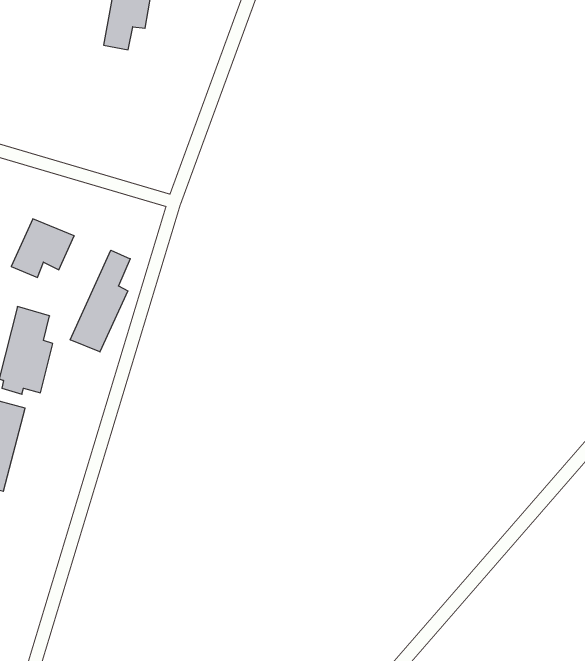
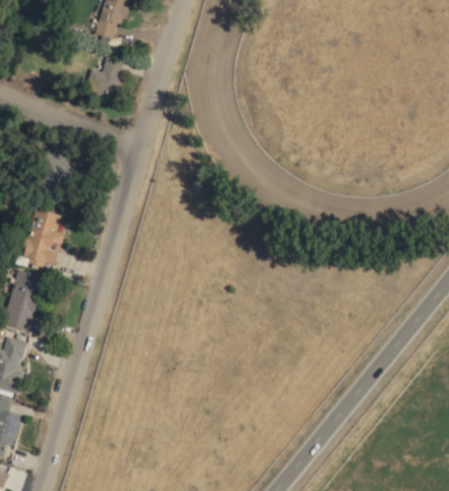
building: none -> [88,55,123,97]
building: [70,250,130,352] -> none

